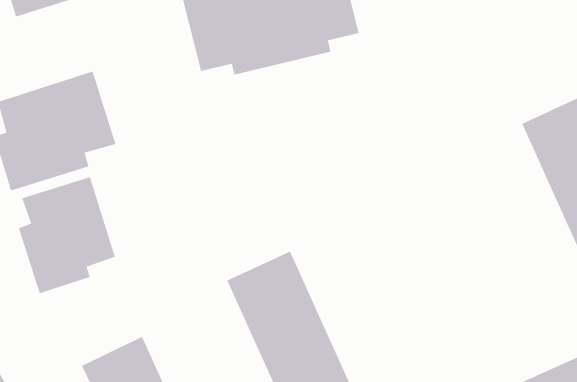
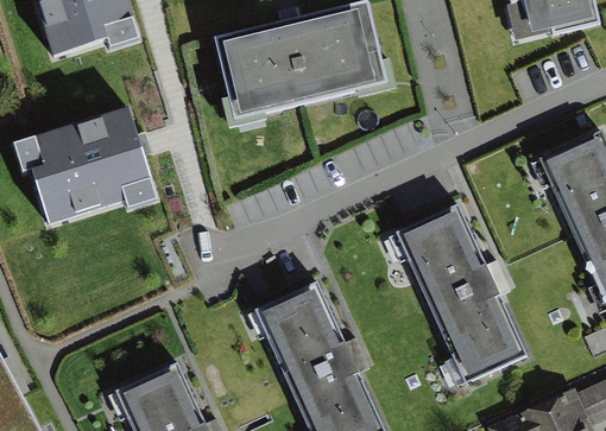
building: none -> [396,204,526,382]
building: [18,176,116,294] -> none

